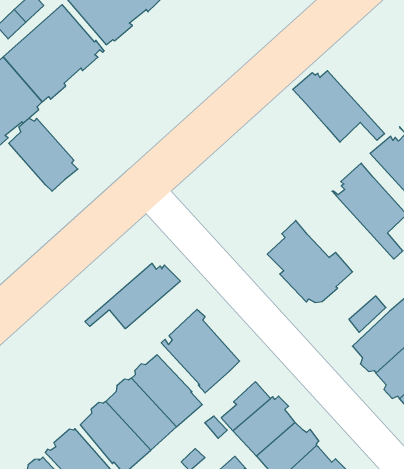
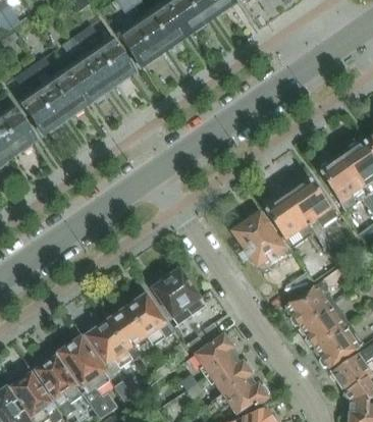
building: [293,71,385,142] -> [262,197,323,251]
building: [9,118,78,191] -> none
building: [85,263,180,329] -> none

